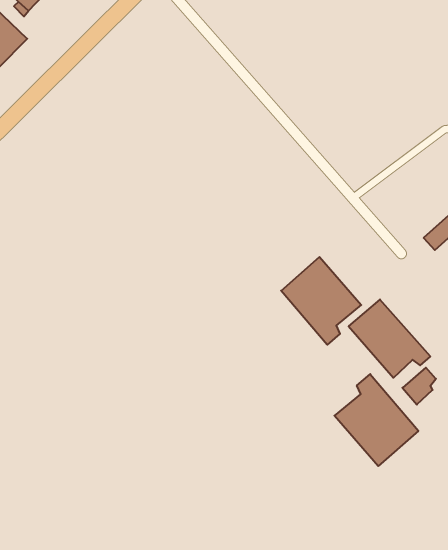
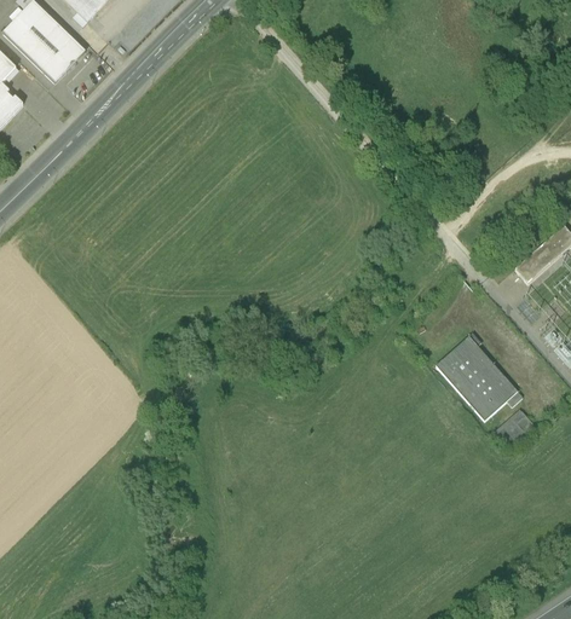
building: [281,257,361,345] -> none
building: [334,374,418,466] -> none

